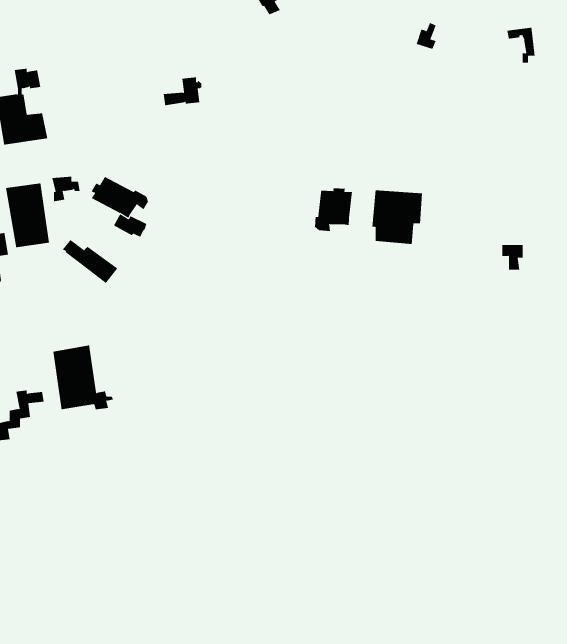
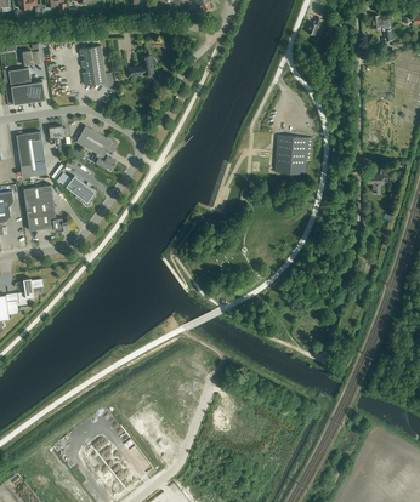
building: none -> [78,45,114,95]
building: [314,188,352,232] -> none
building: [52,345,114,410] -> [23,184,67,230]

